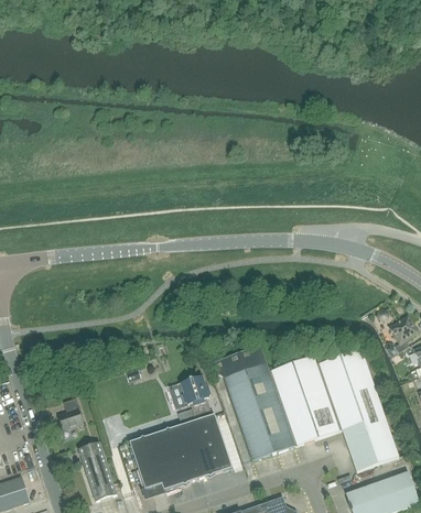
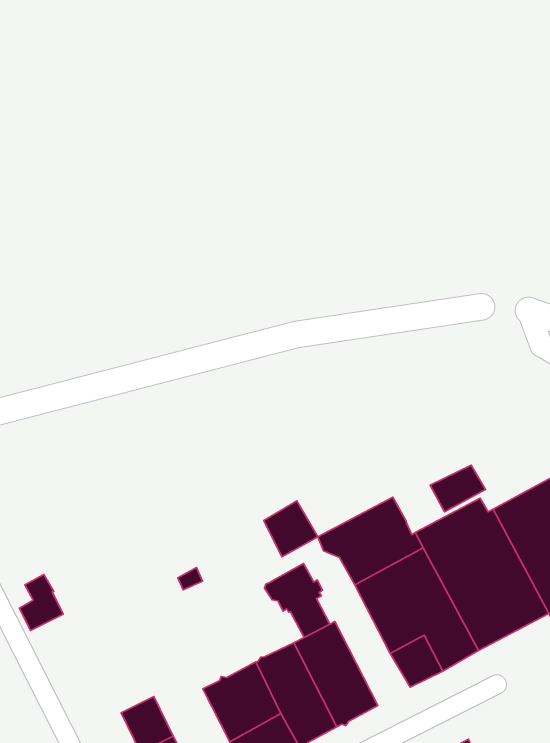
building: none -> [430,465,486,512]
building: none -> [264,501,318,557]
building: [57,397,83,429] -> [19,574,63,630]

